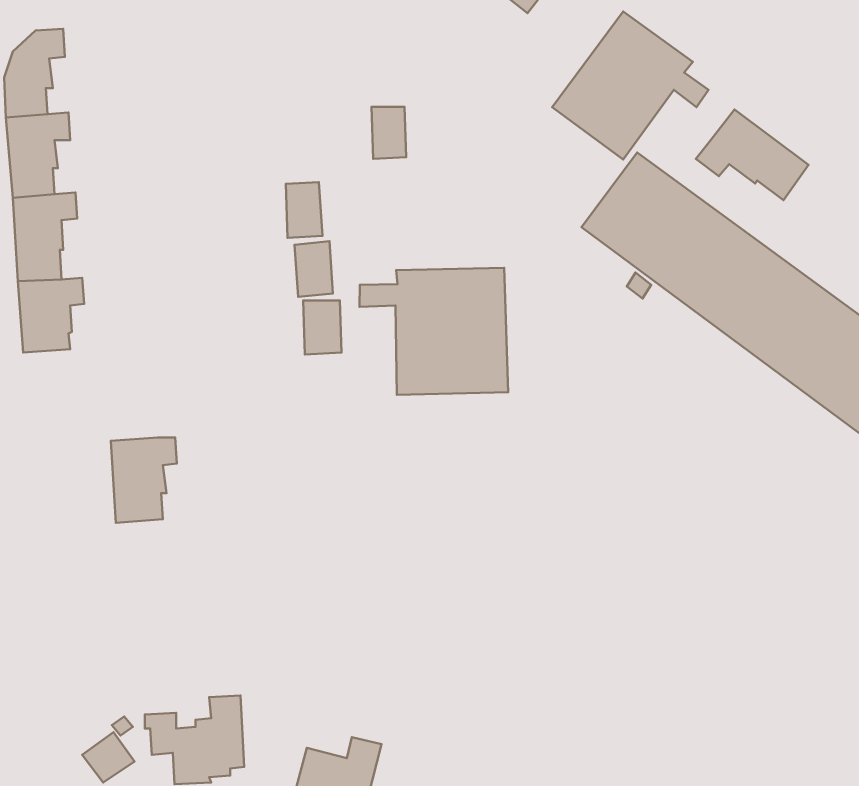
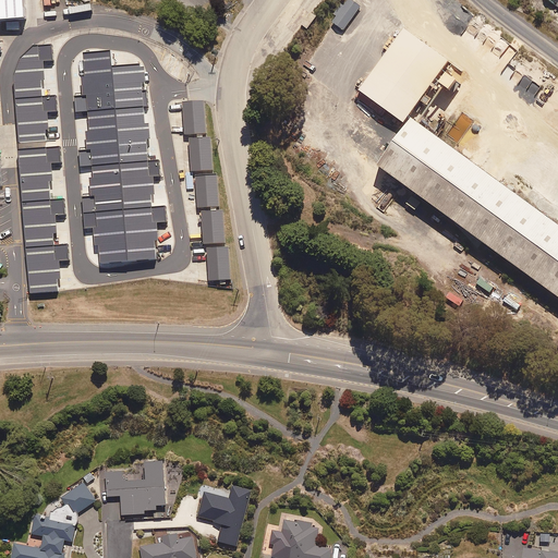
building: none -> [74,51,168,267]
building: [371,107,406,159] -> [183,100,205,133]
building: [696,110,808,200] -> none
building: [360,268,508,395] -> none
building: none -> [208,246,230,282]
building: [111,437,177,523] -> [25,241,66,294]

